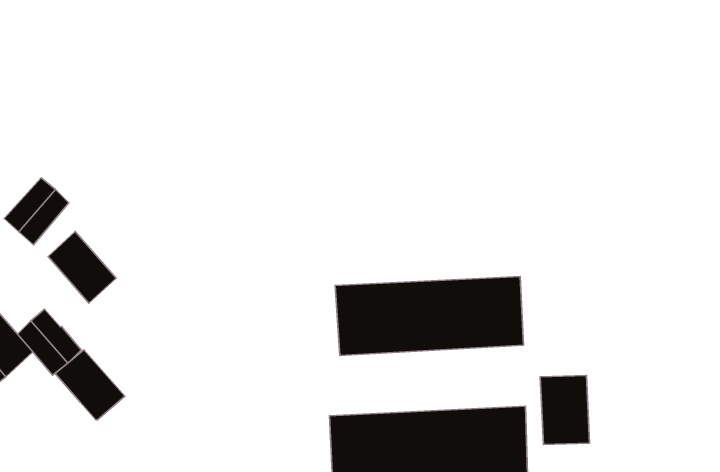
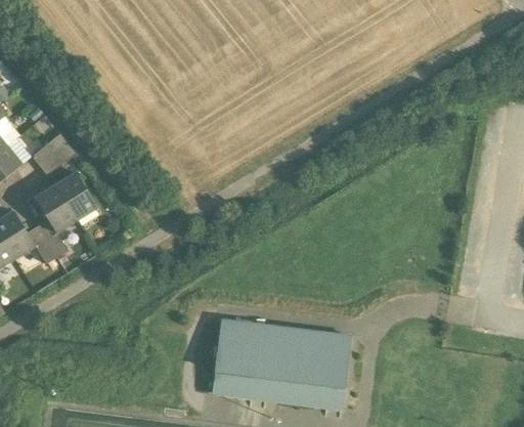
building: [335,277,524,356] -> none
building: [55,350,125,420] -> [34,185,77,232]
building: [540,375,590,444] -> none

